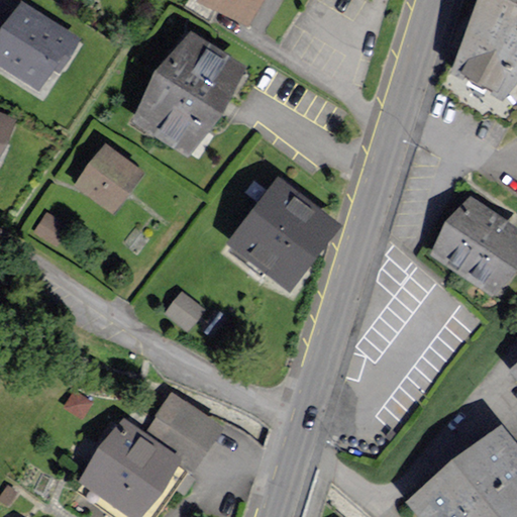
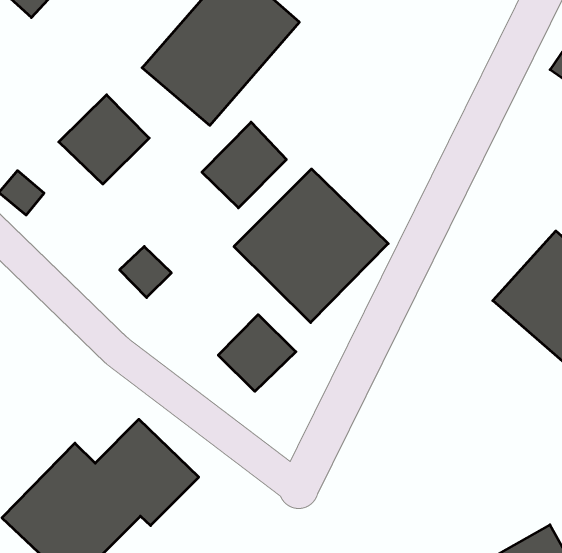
building: none -> [202,122,286,208]
building: none -> [218,315,296,391]
building: [173,296,213,335] -> [120,246,171,298]

